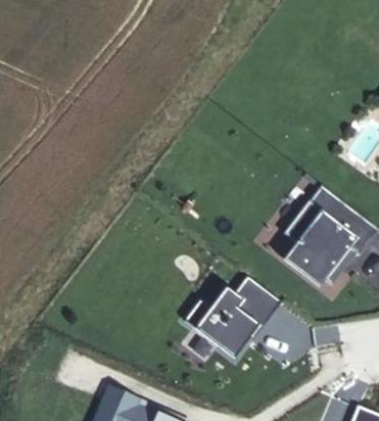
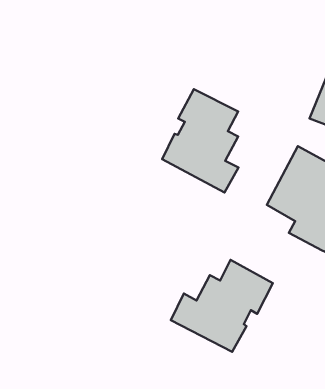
building: none -> [162,89,239,192]

